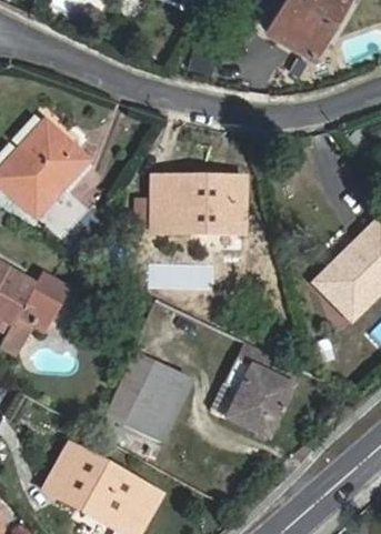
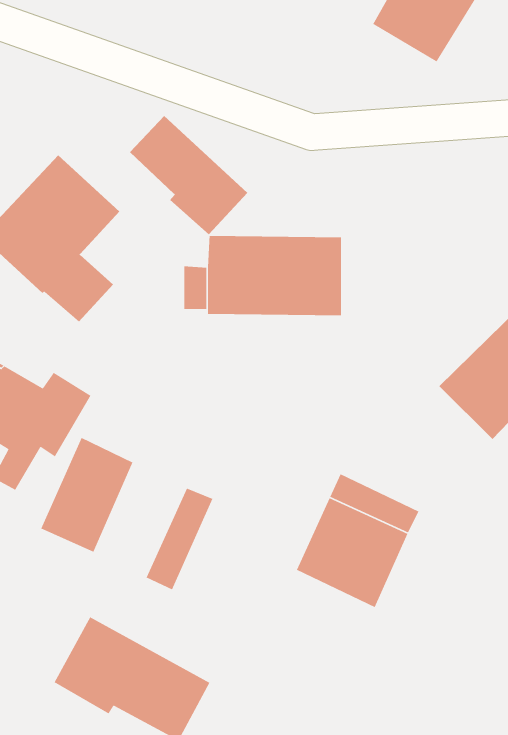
building: none -> [129,115,248,235]
building: [126,361,191,442] -> [40,437,134,553]

